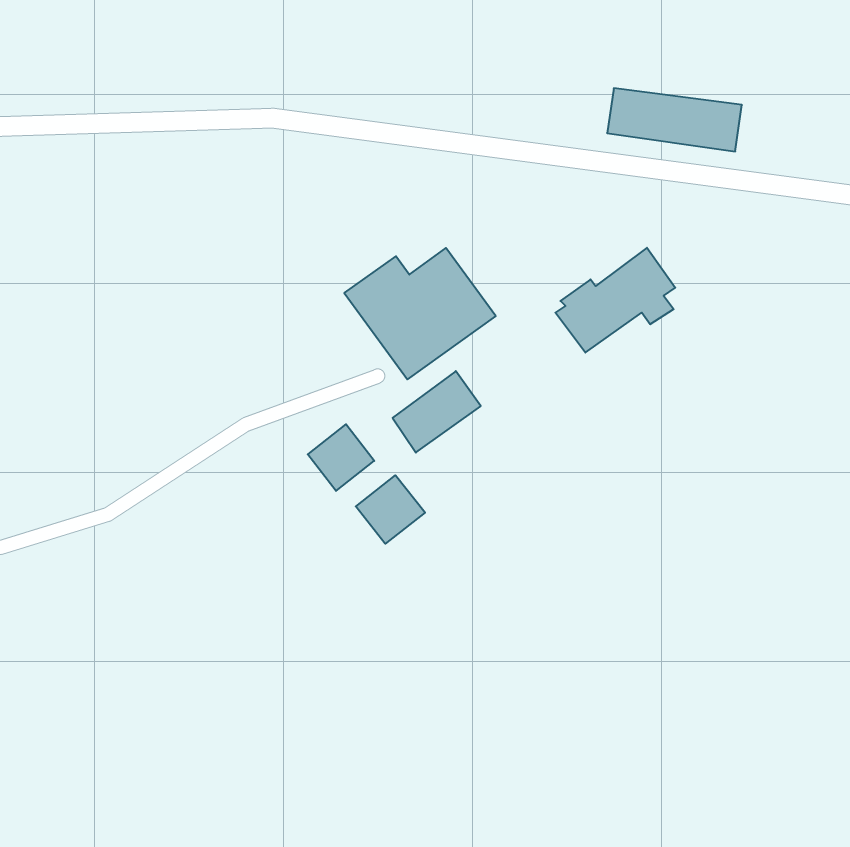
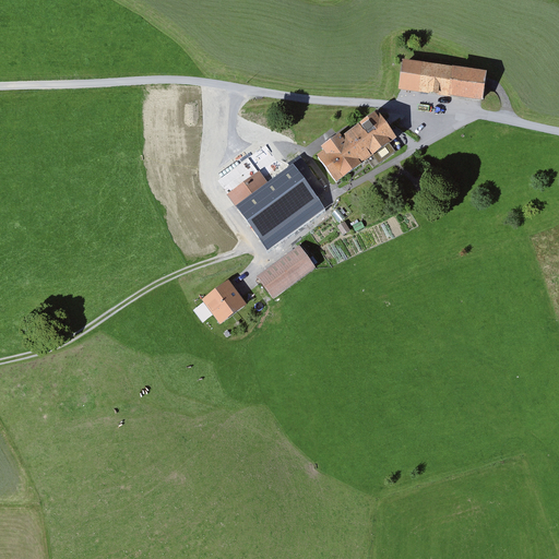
building: [555,248,675,353] -> [317,109,395,178]
building: [356,475,425,544] -> none

